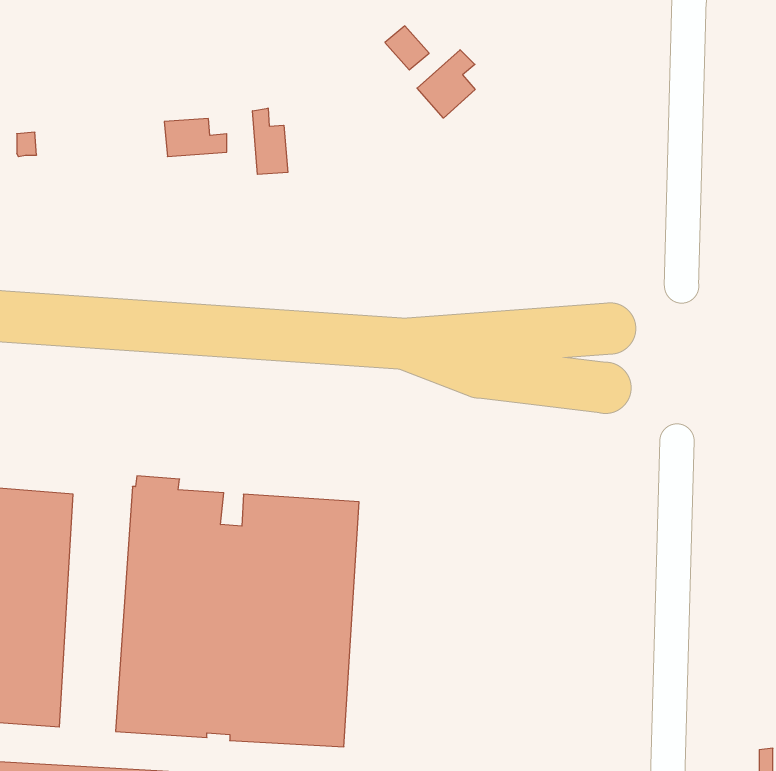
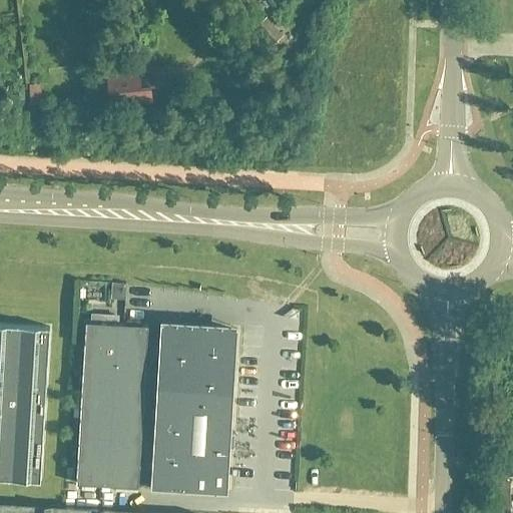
building: [417,50,475,118] -> none
building: [253,108,288,174] -> none

